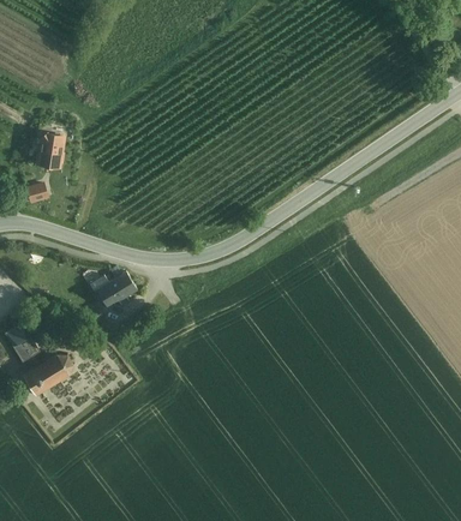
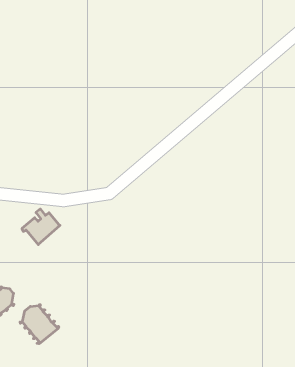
building: none -> [20,305,59,344]

